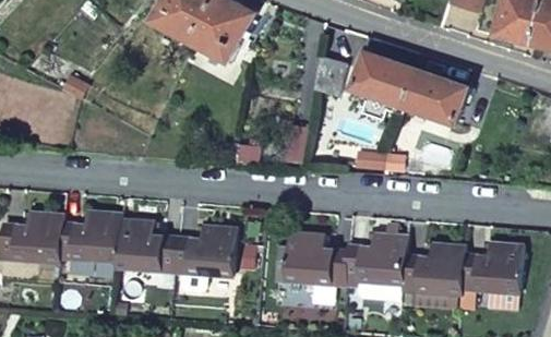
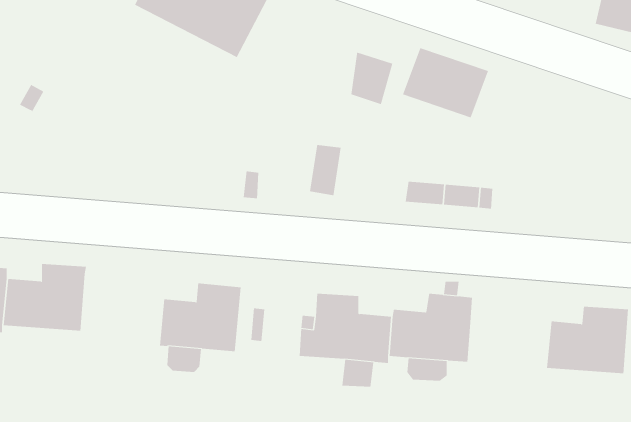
building: [404,70,467,122] -> none
building: [115,220,176,274] -> none
building: [402,245,463,296] -> none

